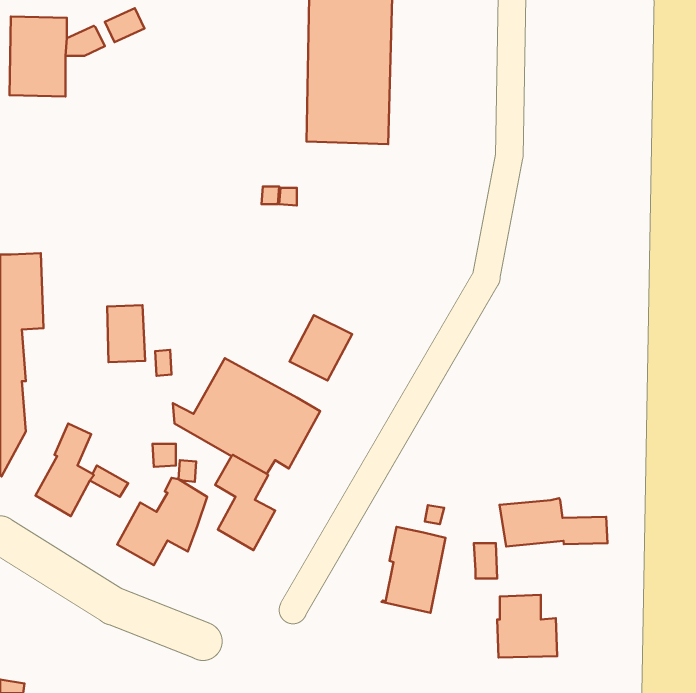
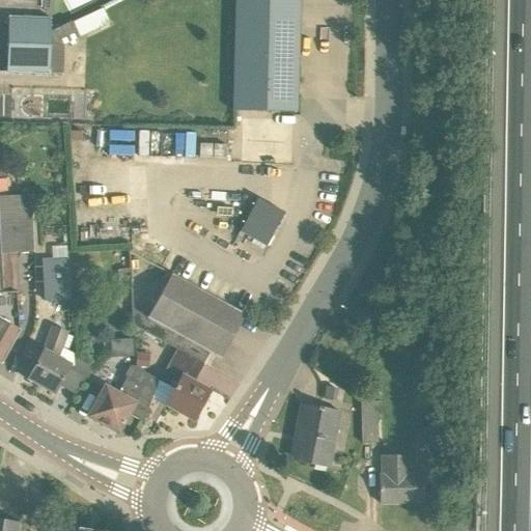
building: [107,305,145,362] -> [43,256,72,300]
building: [289,315,352,381] -> [240,195,287,245]
building: [500,498,607,547] -> none

